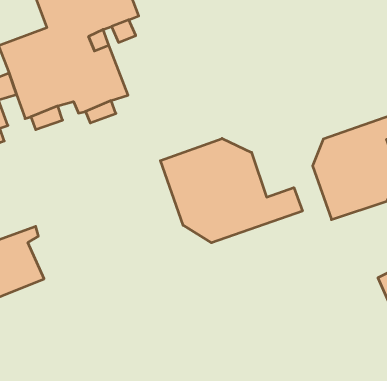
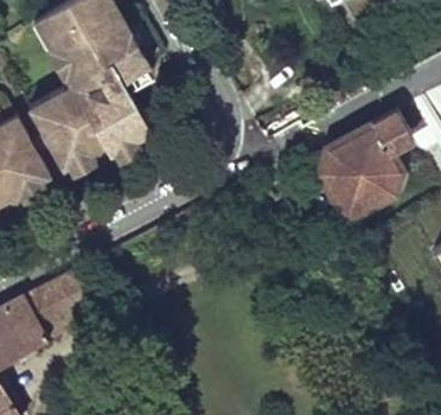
building: [160,138,302,243] -> none

